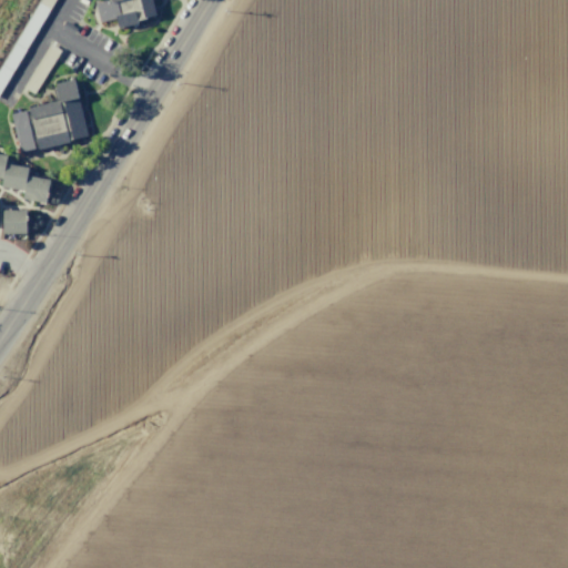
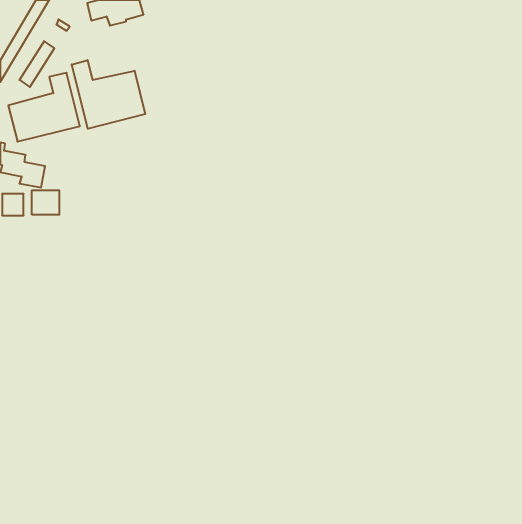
building: none -> [72,60,145,129]
building: none -> [32,190,59,215]

